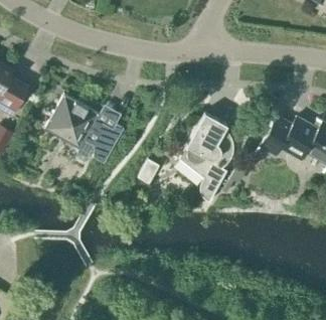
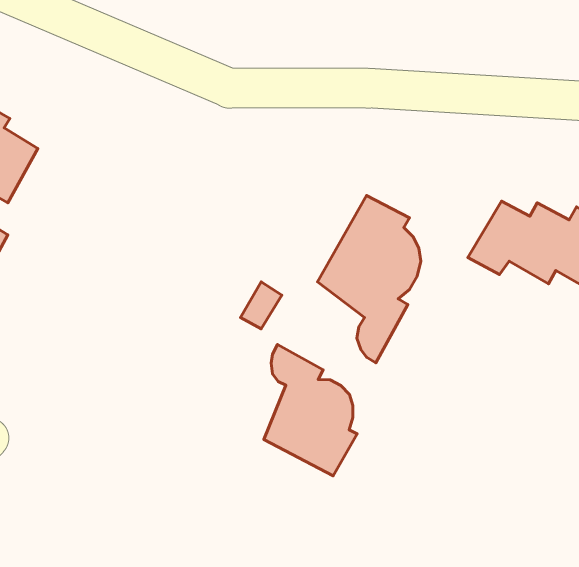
building: [44,95,123,163] -> none
building: none -> [264,345,357,476]

